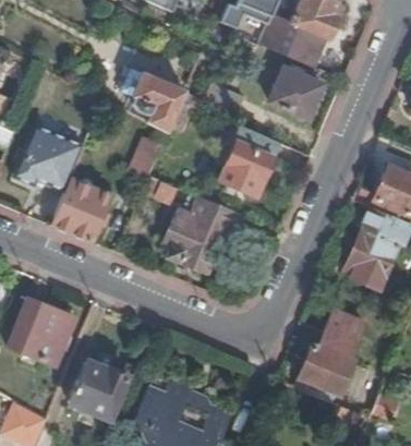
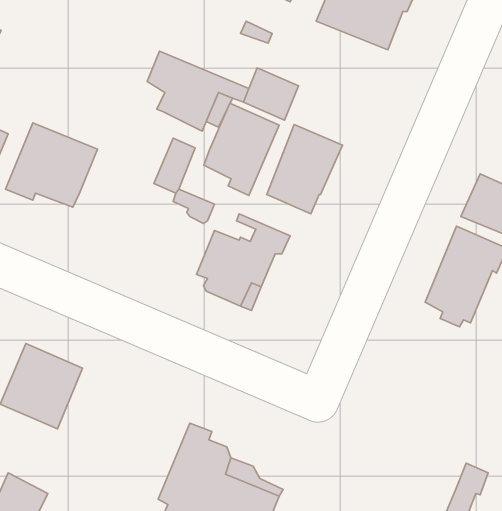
building: [269,69,322,118] -> none
building: none -> [204,103,279,195]
building: [51,181,110,243] -> none
building: [294,310,363,403] -> none
building: [70,365,128,420] -> none

